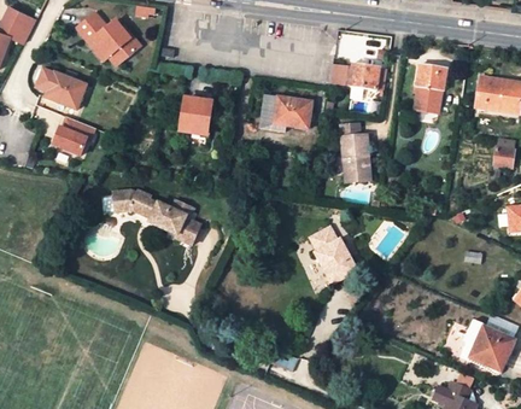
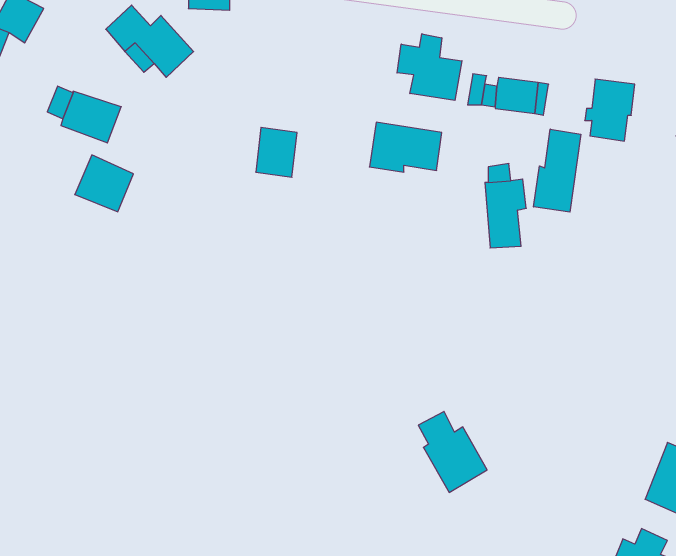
building: none -> [397,34,462,100]
building: none -> [534,129,581,212]
building: [111,191,198,243] -> none
building: [310,227,358,284] -> [418,411,487,492]

